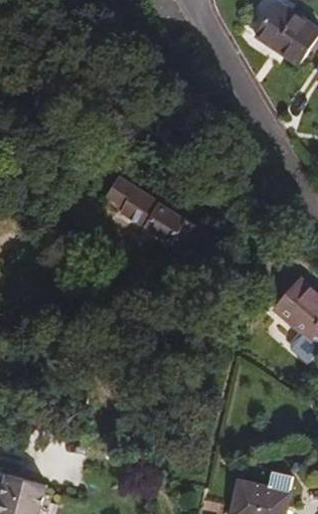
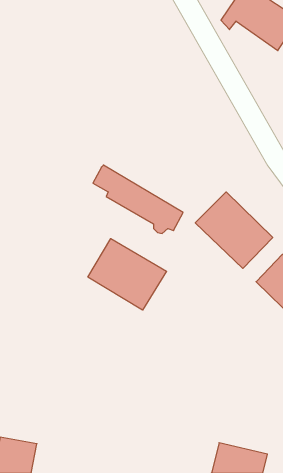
building: none -> [195,192,273,268]
building: none -> [88,239,167,310]

